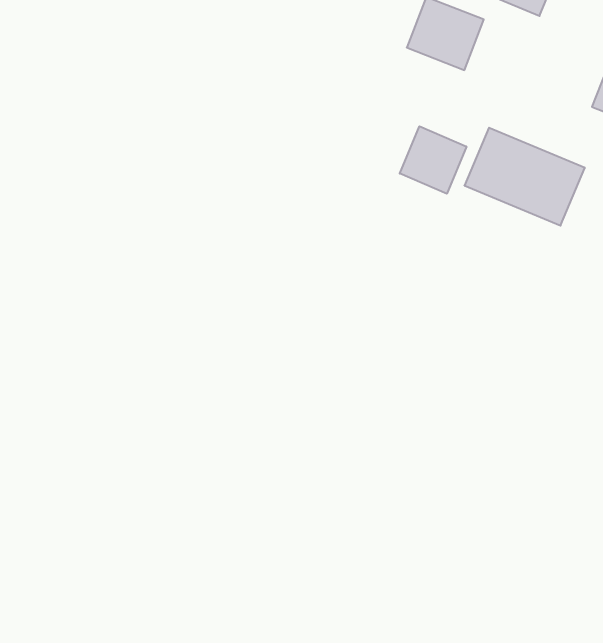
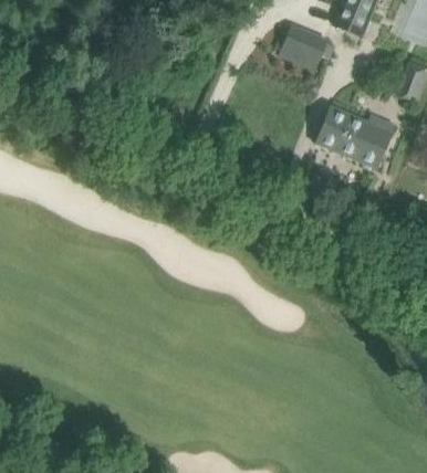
building: [400,126,466,194] -> none

